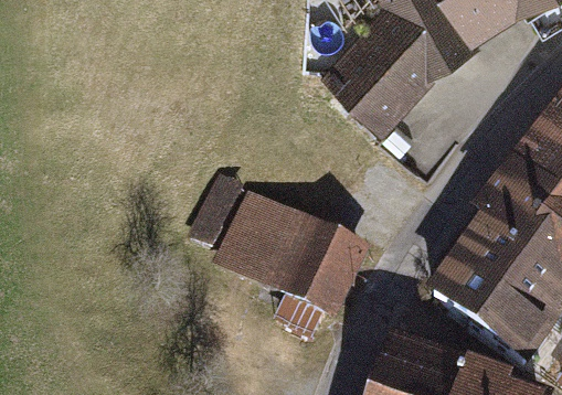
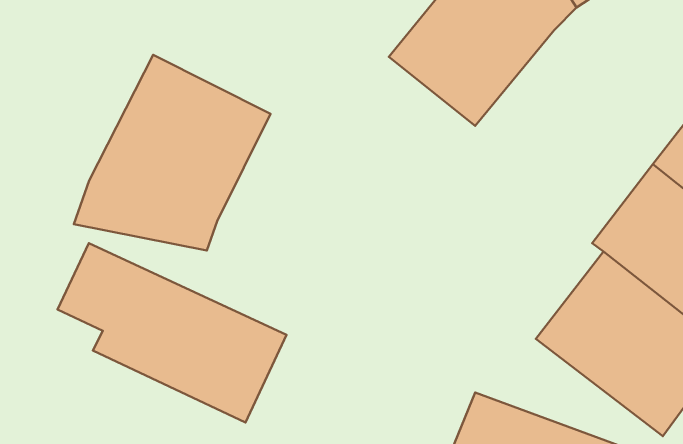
building: none -> [74,55,271,250]
building: [188,181,367,321] -> [58,243,286,422]

